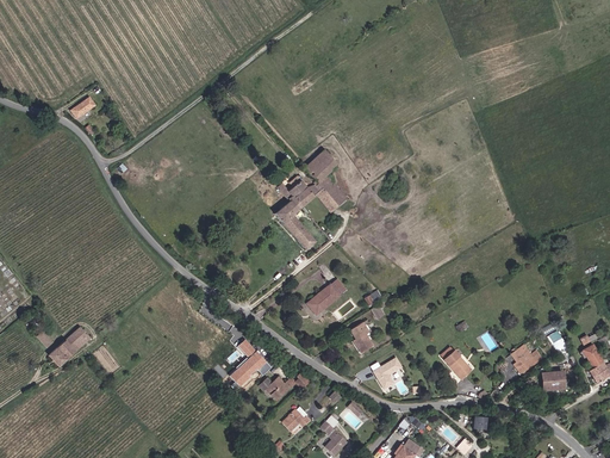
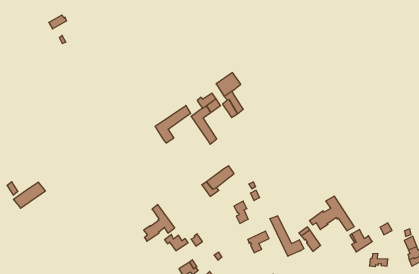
building: none -> [155,105,191,143]
building: none -> [310,196,354,231]
building: none -> [270,216,304,256]

